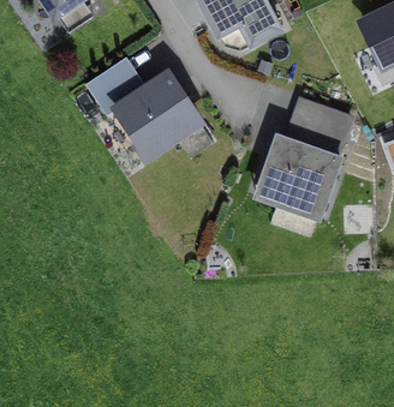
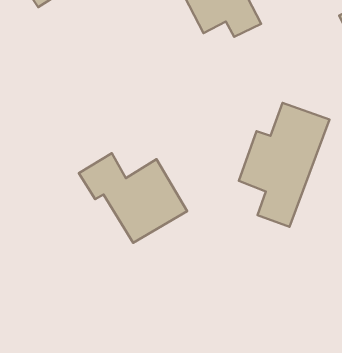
building: [91,66,202,157] -> [79,153,187,243]

